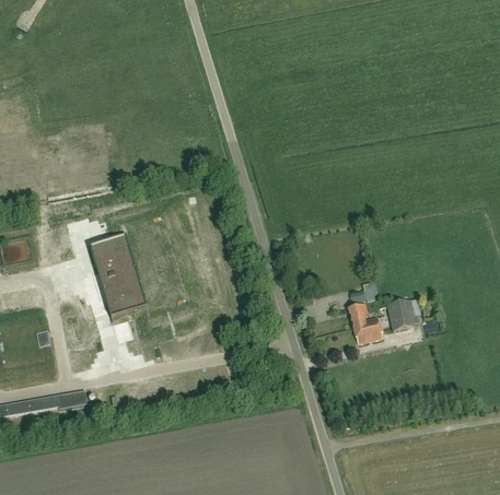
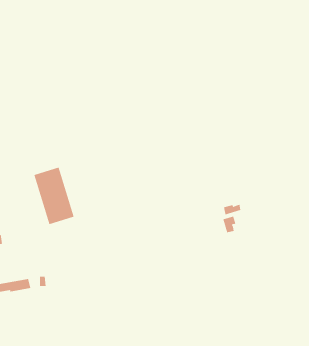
building: [387,299,415,330] -> none
building: [353,316,382,343] -> none

